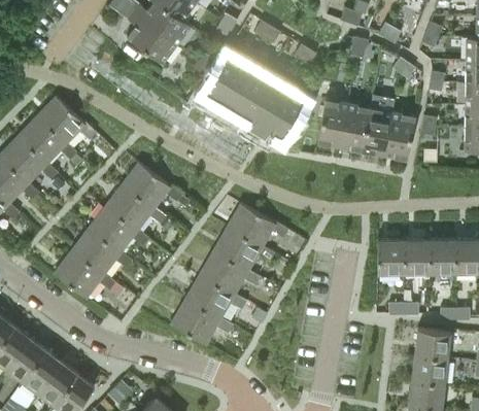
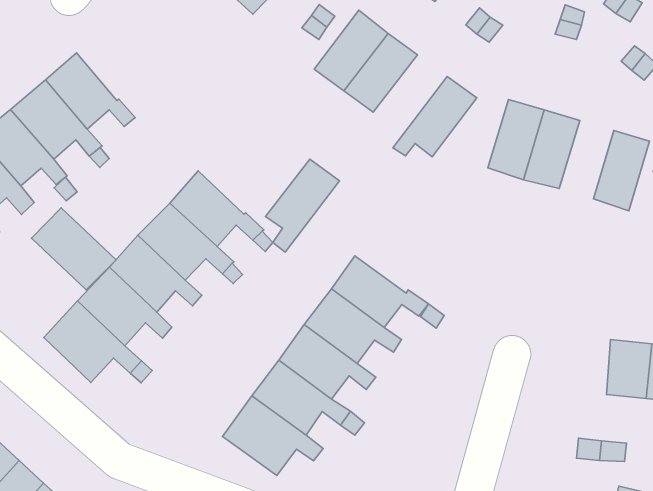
building: [242,76,285,135] -> [265,159,339,252]
building: [362,106,391,153] -> none
building: none -> [31,208,116,290]
building: [377,239,404,273] -> none

